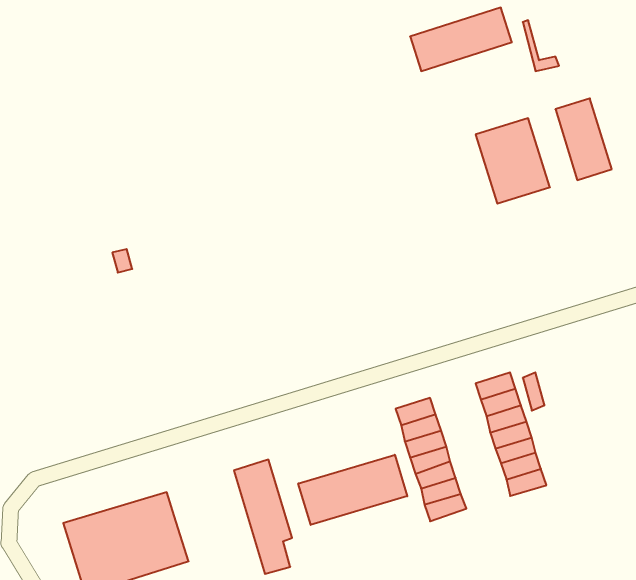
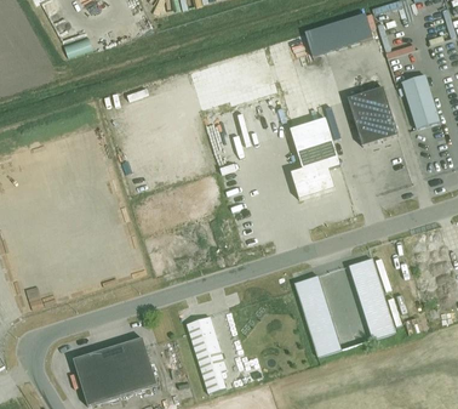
building: none -> [291,118,340,198]
building: [298,455,407,525] -> none

